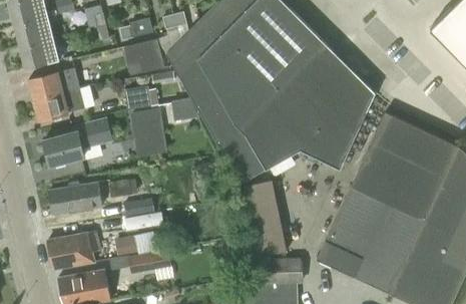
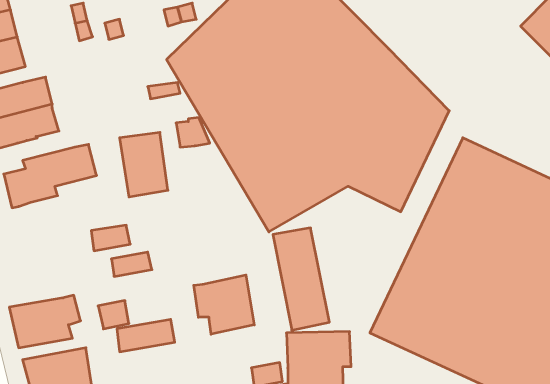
building: [124,40,164,75] -> none
building: [124,86,151,110] -> none
building: [49,182,102,215] -> none
building: none -> [194,275,254,334]

